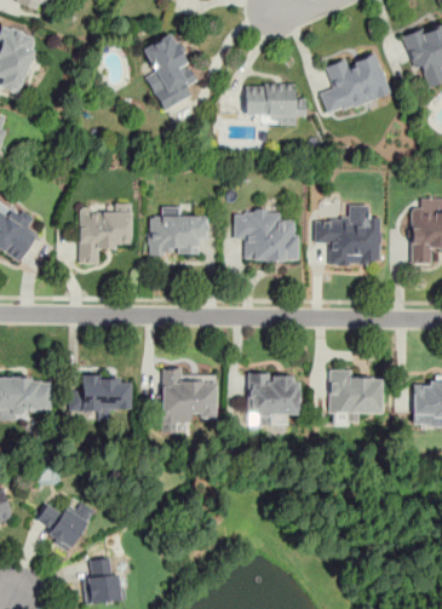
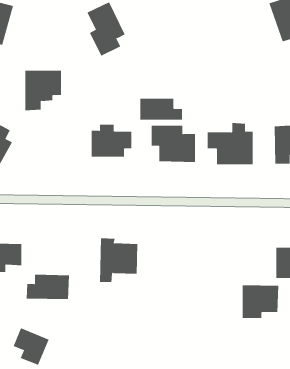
building: [321,54,392,115] -> none
building: [245,85,306,116] -> [140,98,183,120]
building: [79,206,132,264] -> [24,70,62,111]
building: [329,372,383,420] -> [242,285,279,319]
building: [247,375,298,418] -> none
building: [69,377,132,413] -> [26,274,70,300]

